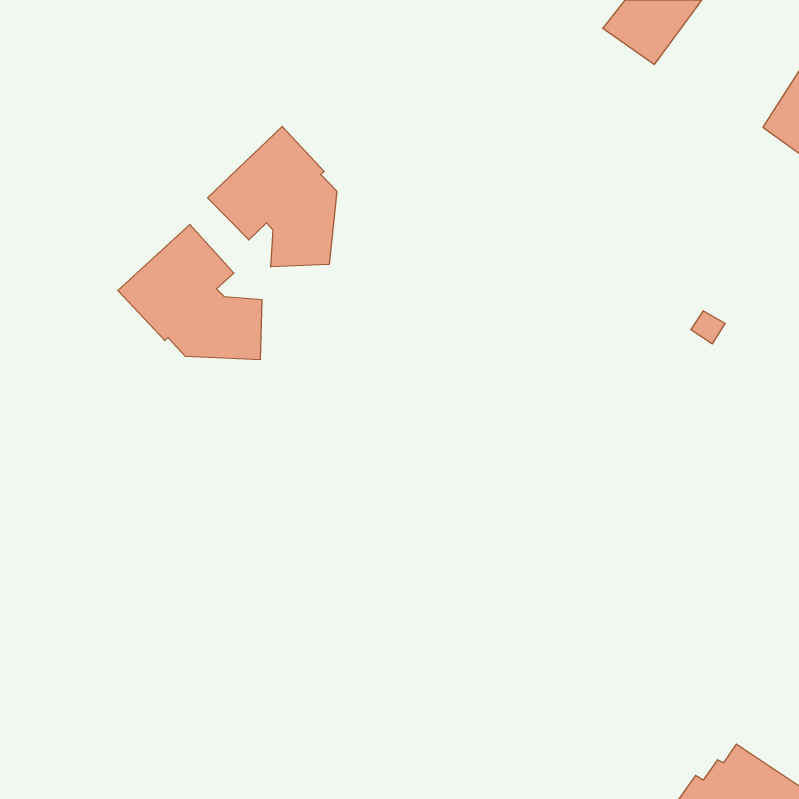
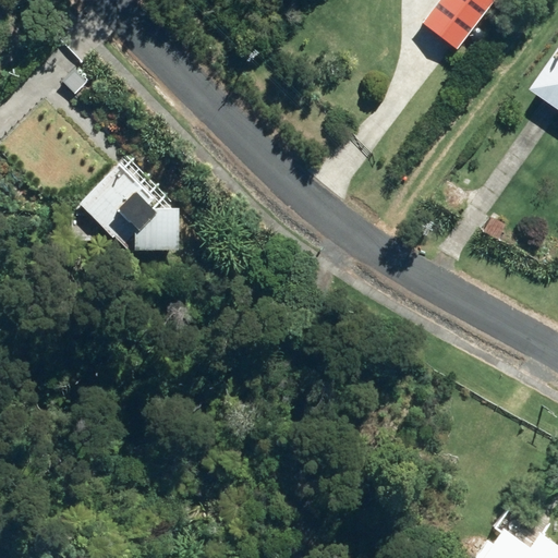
building: [208,126,337,267] -> none

